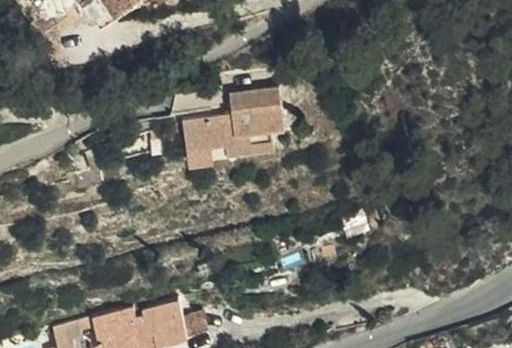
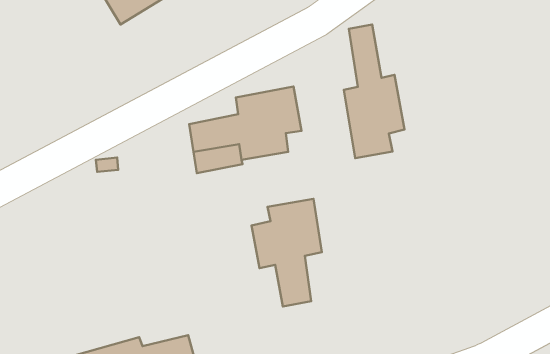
building: none -> [344,24,404,158]
building: none -> [251,199,322,307]

